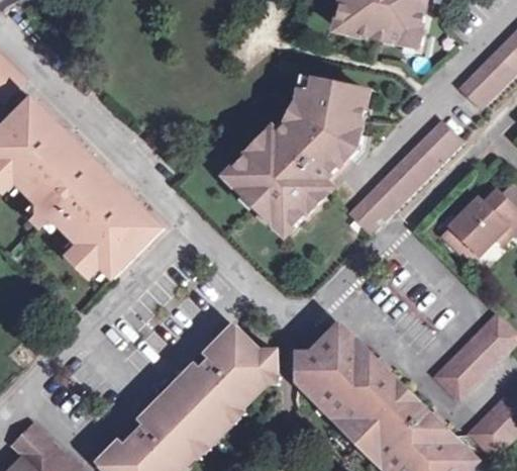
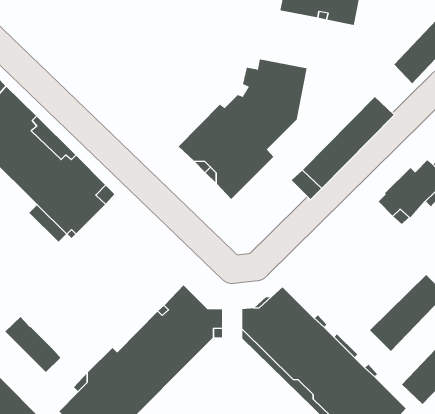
building: none -> [5,316,61,373]

